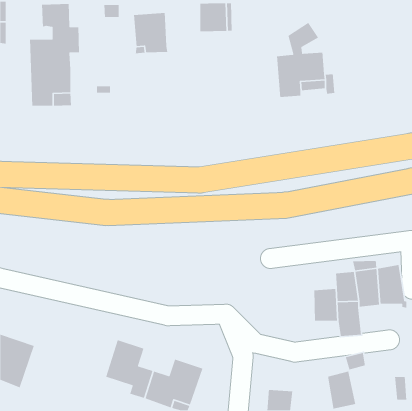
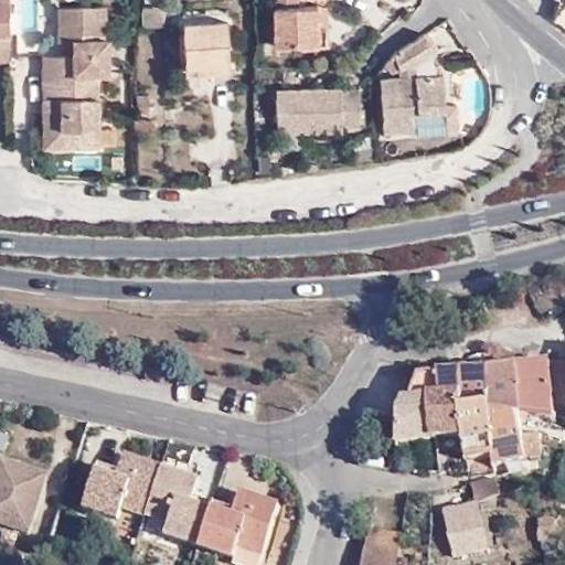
building: none -> [275,86,360,129]
building: none -> [393,373,459,440]
building: none -> [490,417,539,465]
building: none -> [82,451,160,519]

